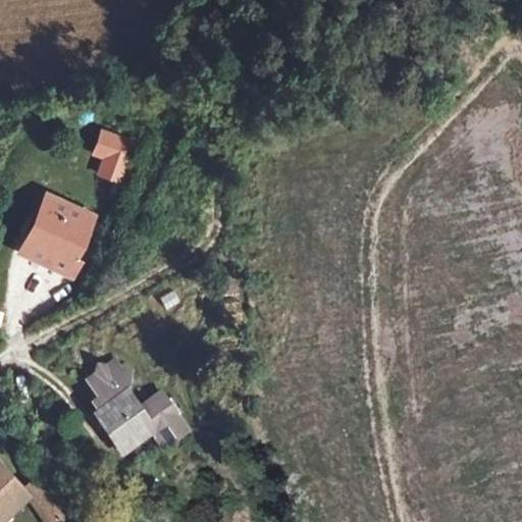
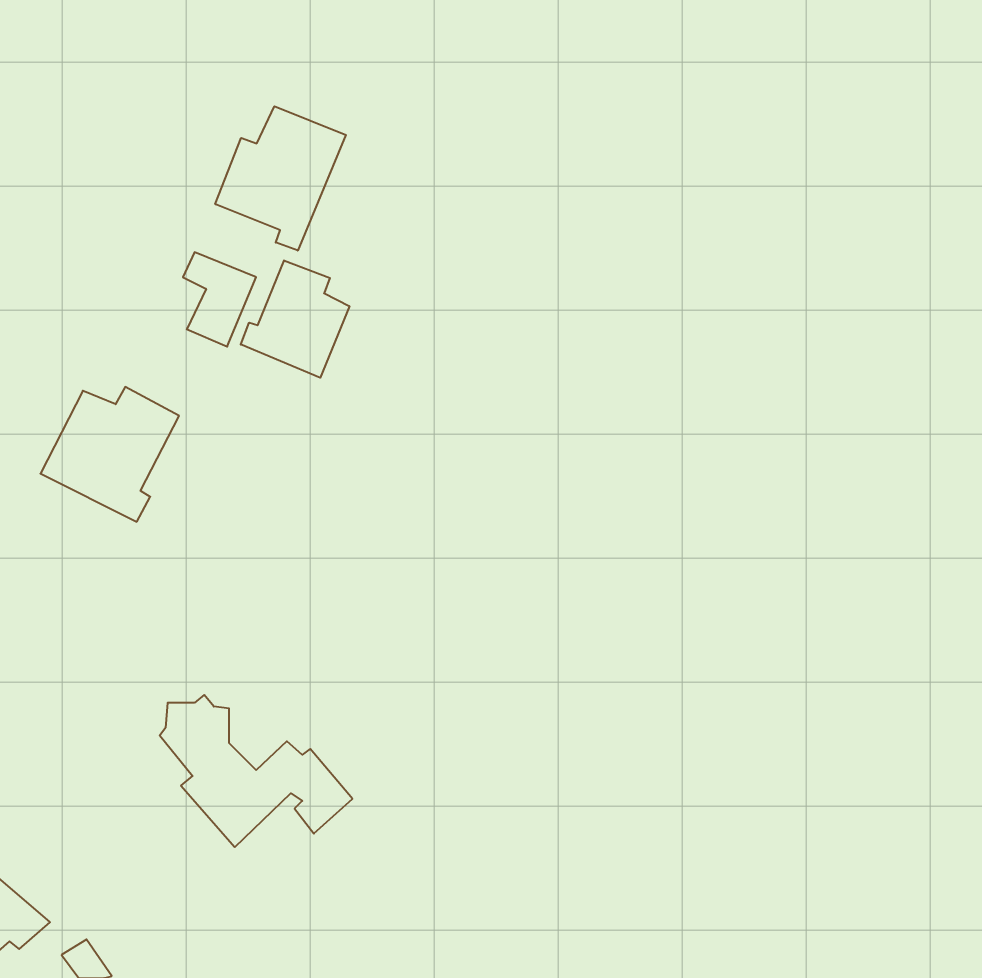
building: none -> [215,106,346,251]
building: none -> [241,260,349,378]

